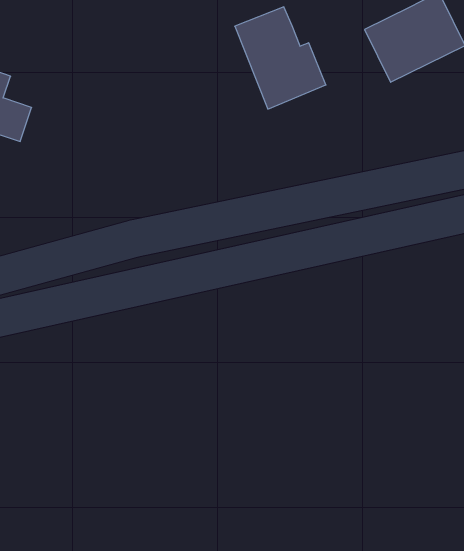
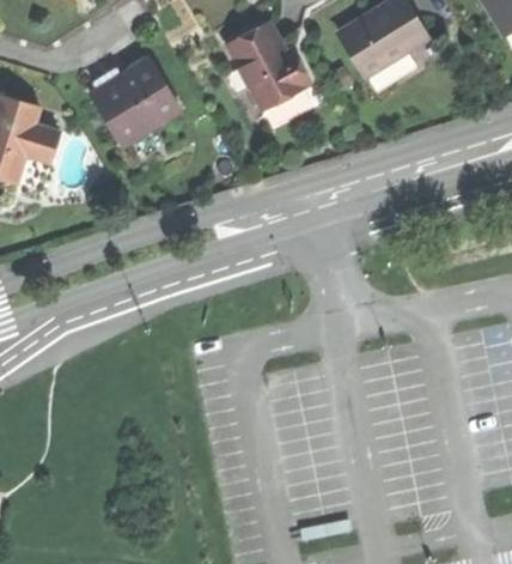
building: none -> [90,56,179,144]

